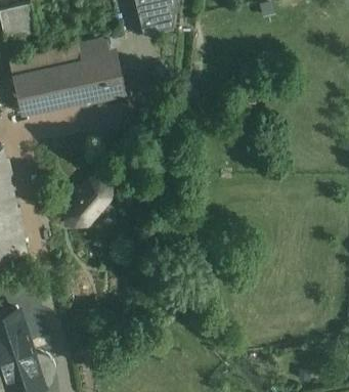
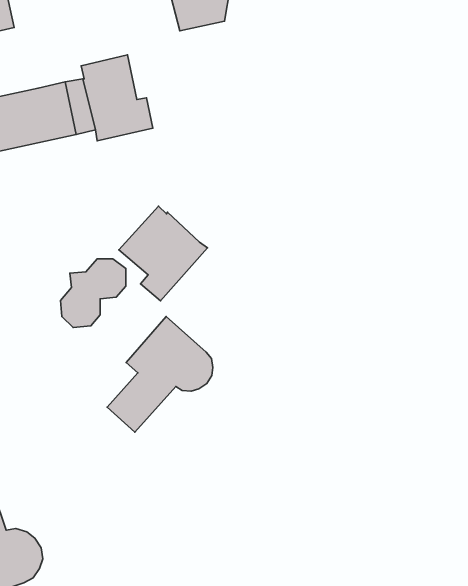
building: none -> [119,206,207,301]
building: none -> [107,317,213,432]

